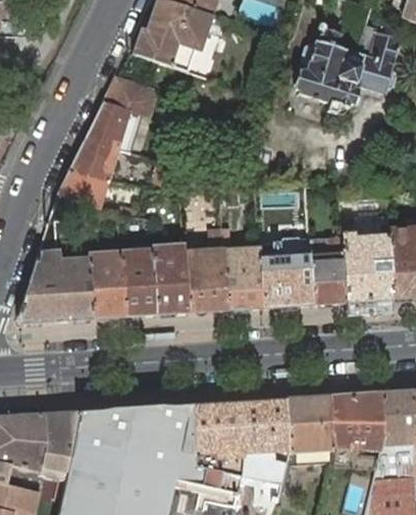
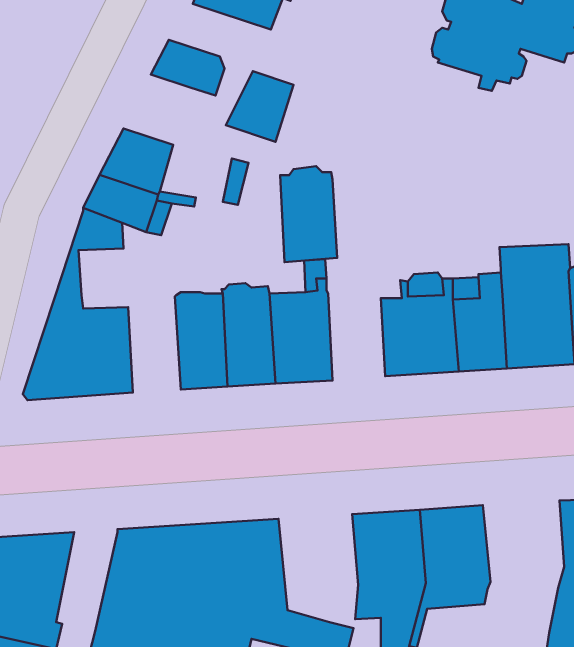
building: [86,102,132,150] -> [226,71,293,142]
building: [224,245,263,310] -> [280,166,337,262]
building: [89,252,124,318] -> none
building: [329,392,384,451] -> none
building: [191,401,245,478] -> none
building: [40,411,82,480] -> none

